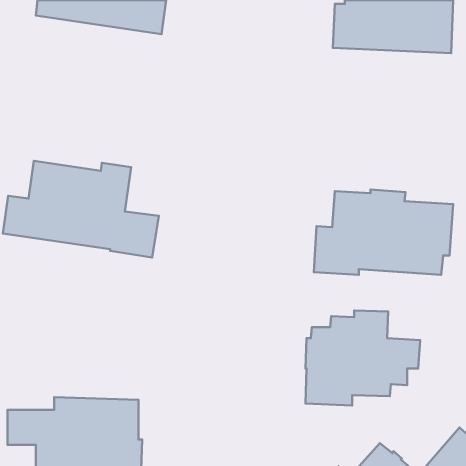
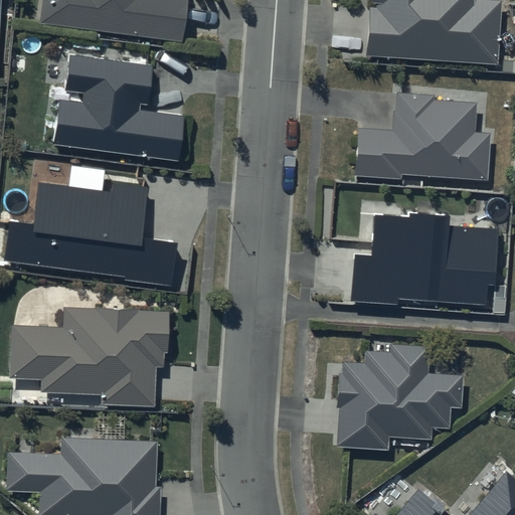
building: none -> [52,55,184,160]
building: none -> [356,94,490,178]
building: none -> [12,308,169,406]

